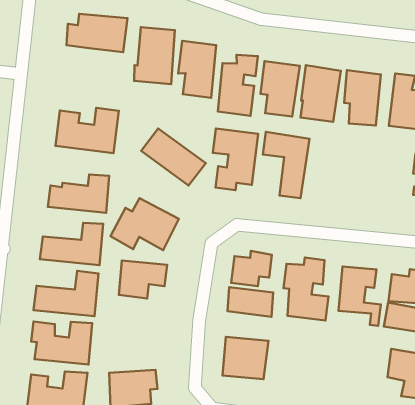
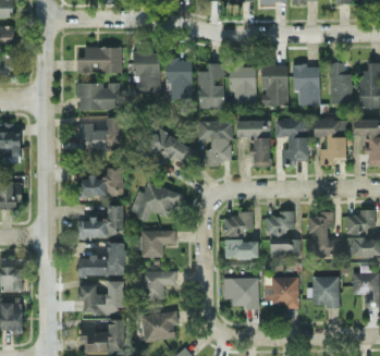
building: none -> [77,83,119,110]
building: none -> [274,120,308,165]
building: none -> [314,120,346,165]
building: none -> [139,271,175,298]
building: none -> [262,277,298,306]
building: none -> [309,277,339,307]

